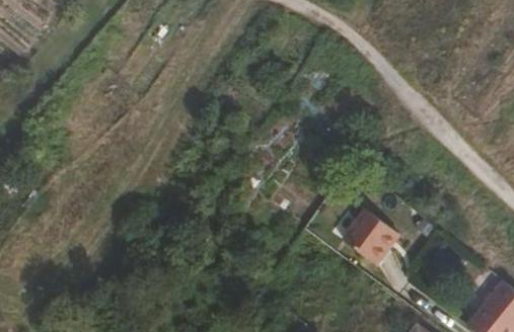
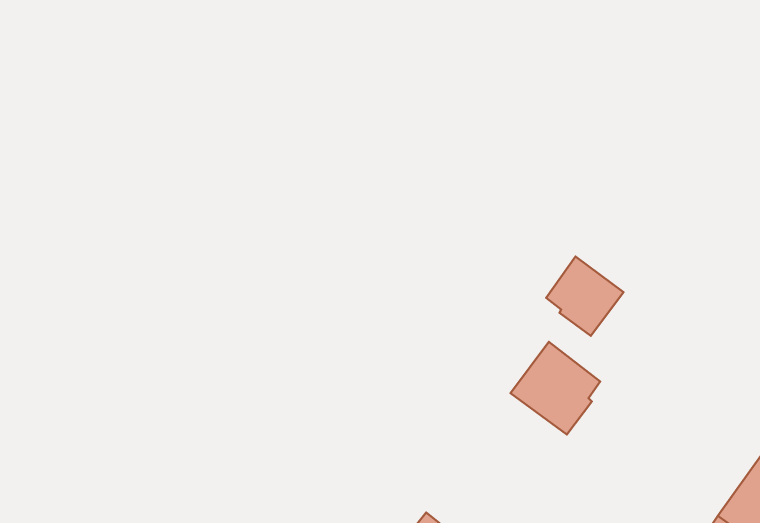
building: none -> [546,256,624,336]

